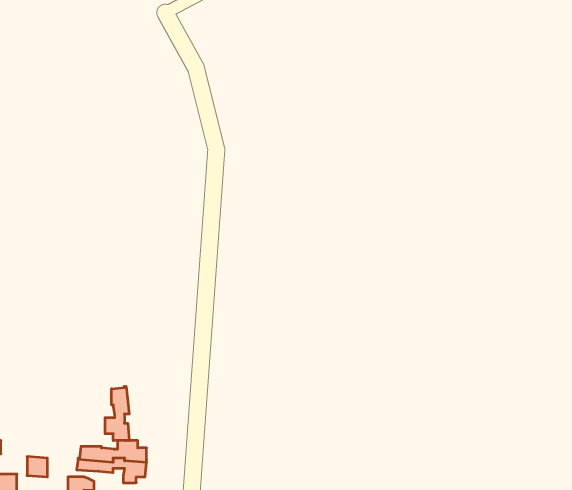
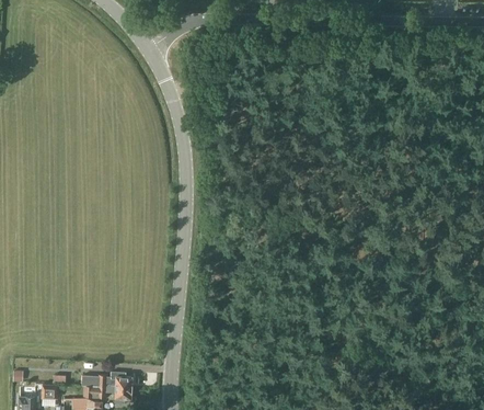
building: [105,386,129,441] -> none

